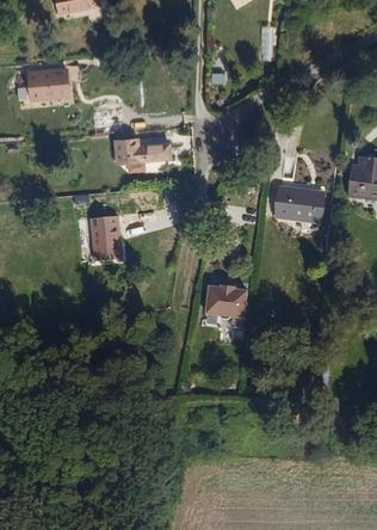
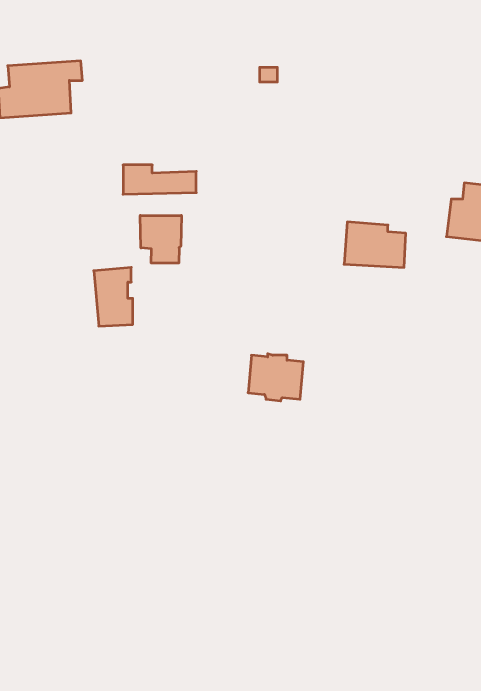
building: none -> [140,215,181,263]

